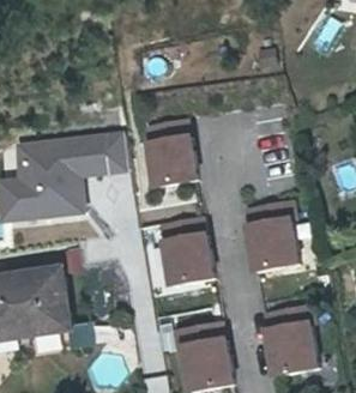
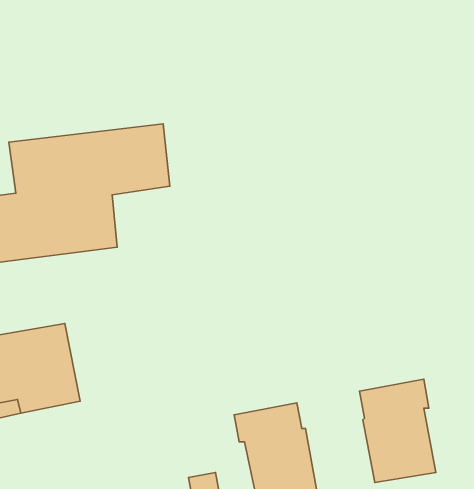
building: [143,121,197,191] -> none
building: [245,202,298,277] -> none
building: [161,219,215,290] -> none

